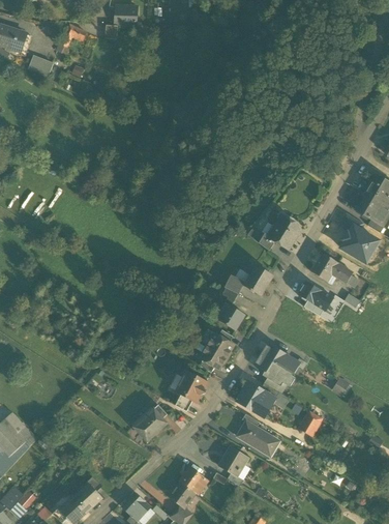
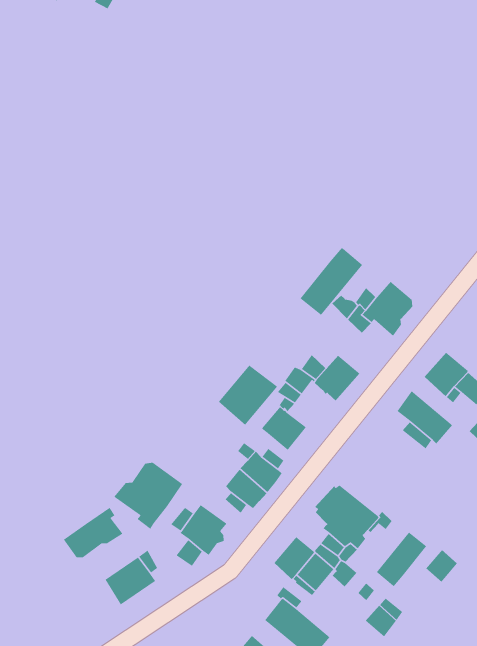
building: none -> [300,247,363,316]
building: none -> [218,364,278,426]
building: none -> [113,462,183,530]
building: none -> [376,532,427,587]
building: none -> [63,507,123,558]

